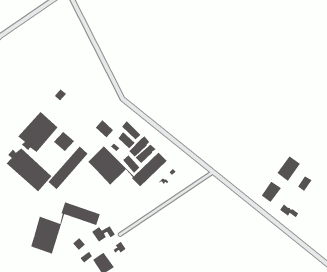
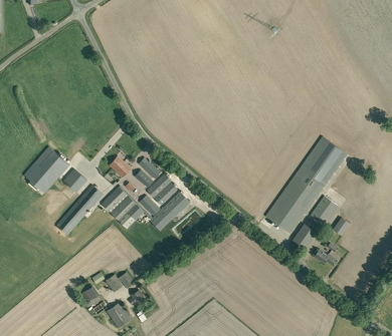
building: none -> [266,135,347,233]
building: [6,148,52,192] -> none
building: [30,202,100,255] -> none

